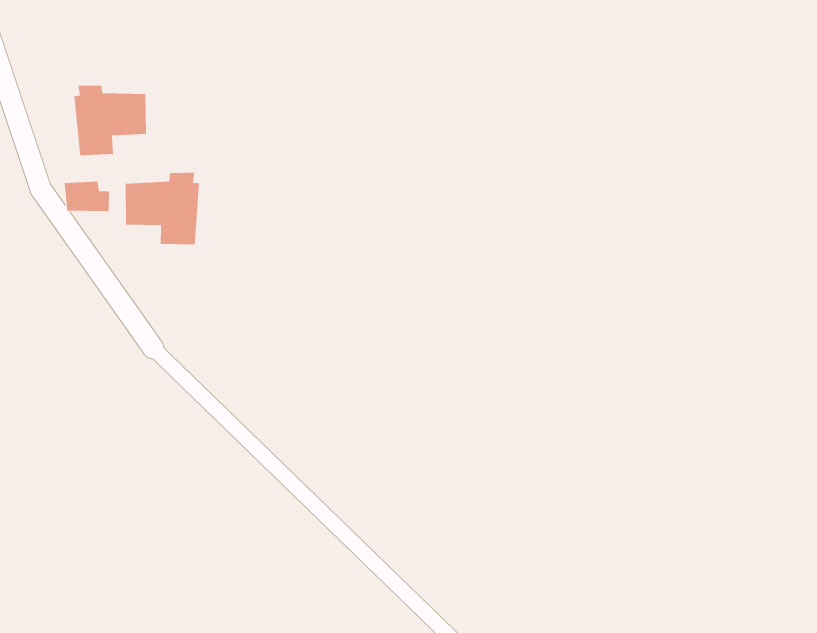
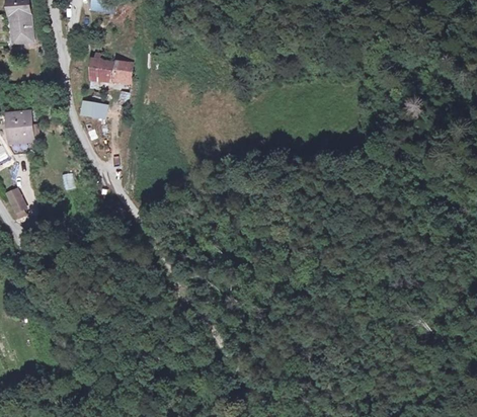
building: [125,172,200,245] -> none

